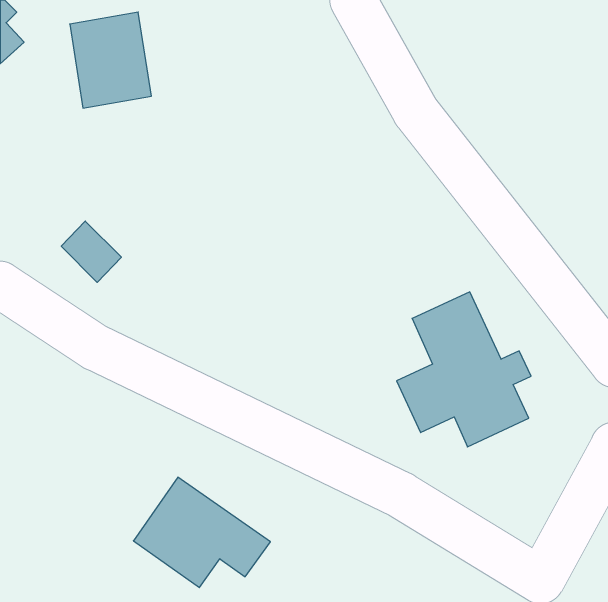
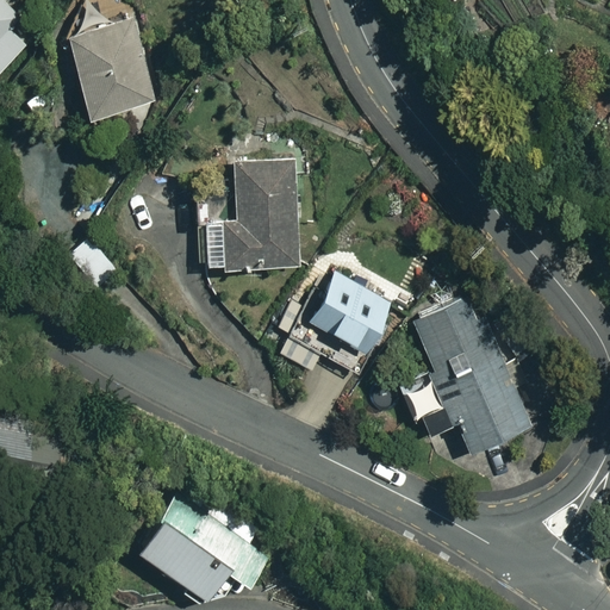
building: none -> [197,167,288,267]
building: none -> [306,272,394,354]

